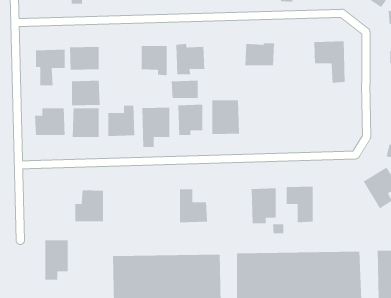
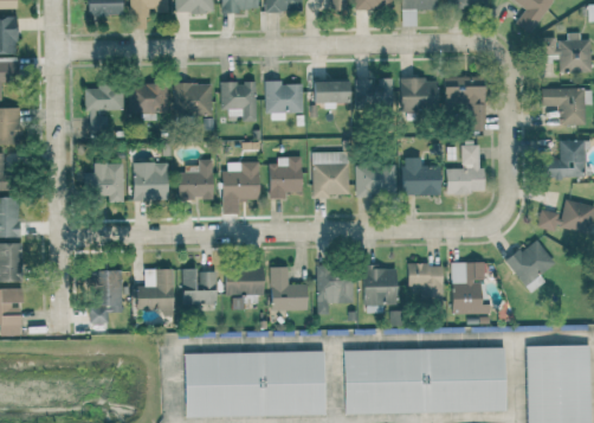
building: none -> [400,77,438,109]
building: [171,80,199,99] -> [312,79,348,103]
building: [71,80,100,106] -> [175,82,213,115]
building: none -> [446,145,484,192]
building: none -> [355,164,396,197]
building: none -> [402,165,441,194]
building: none -> [451,261,490,314]
building: none -> [316,265,354,315]
building: none -> [182,268,217,303]
building: none -> [225,268,264,295]
building: [45,240,68,280] -> [91,270,122,322]

